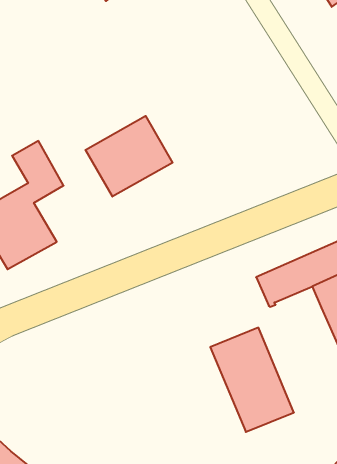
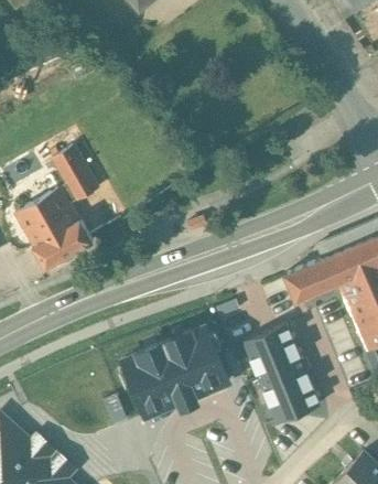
building: [85,116,173,197] -> none
building: none -> [125,329,229,418]

